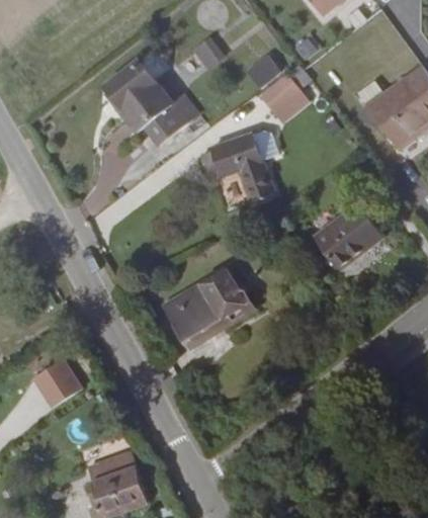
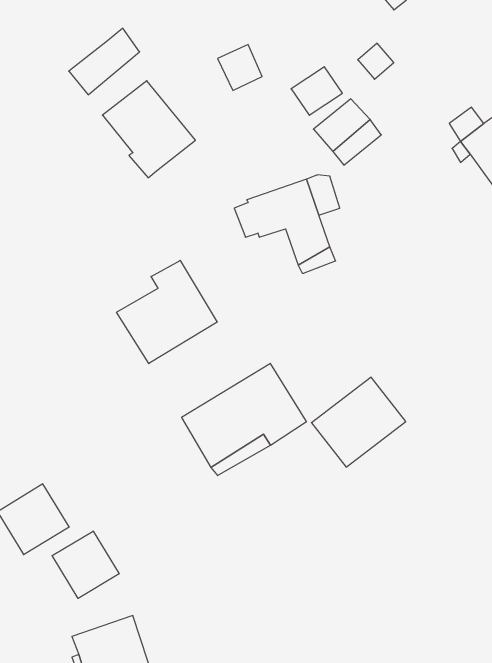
building: [146,96,197,145] -> [69,28,140,95]
building: none -> [117,260,217,364]
building: [316,204,384,270] -> [311,377,406,467]
building: none -> [52,531,119,598]

